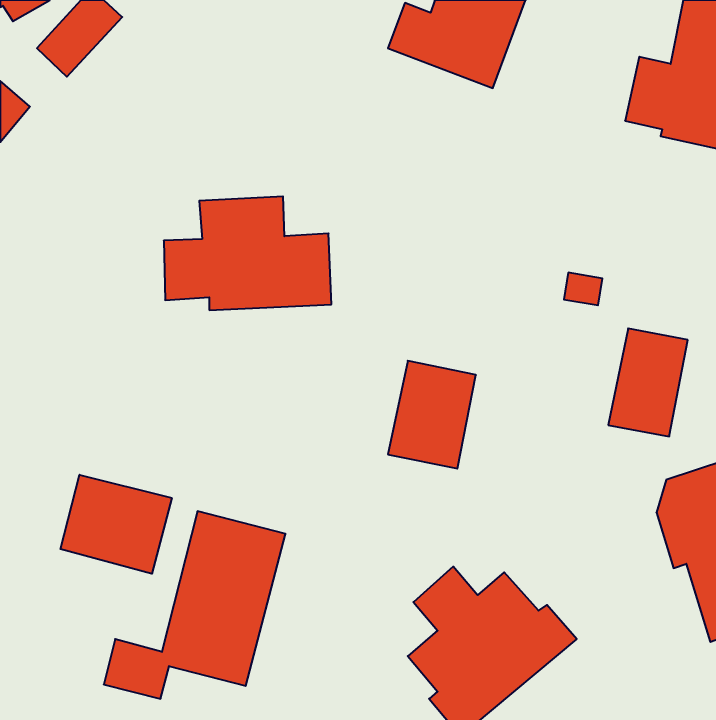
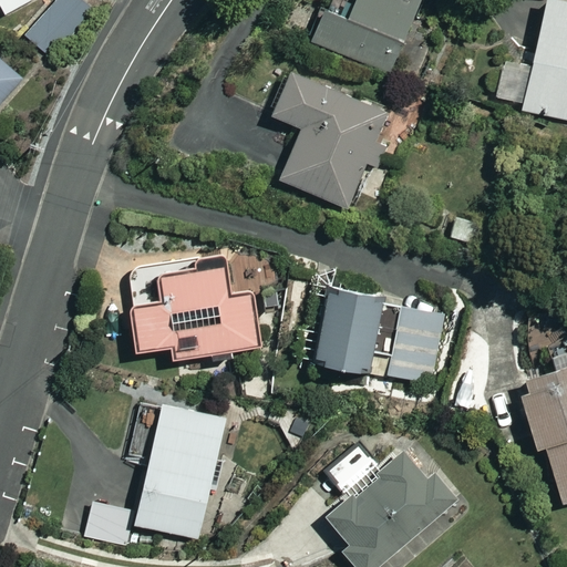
building: none -> [269,66,391,207]
building: [164,196,331,310] -> [132,267,262,355]
building: [608,328,688,436] -> [388,303,450,388]
building: [60,475,172,574] -> none

